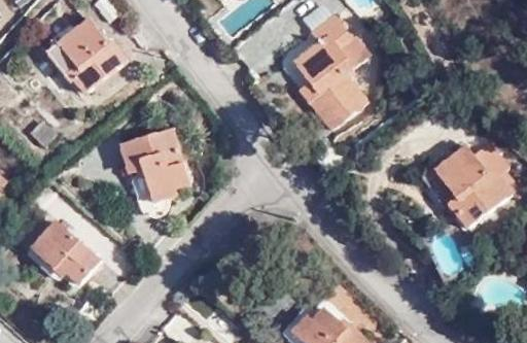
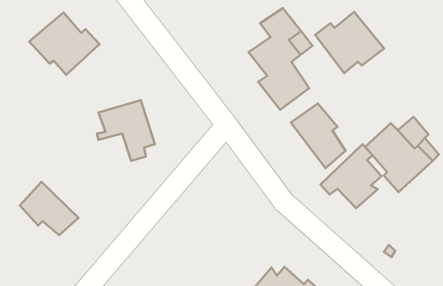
building: none -> [315,12,384,73]
building: none -> [291,104,346,168]
building: none -> [320,144,381,208]

